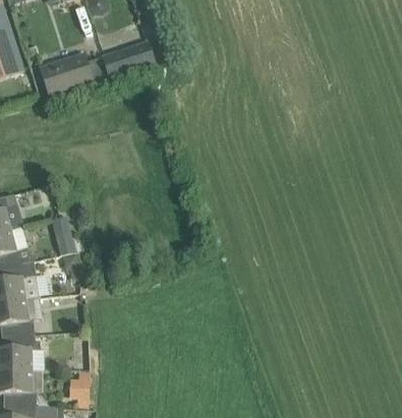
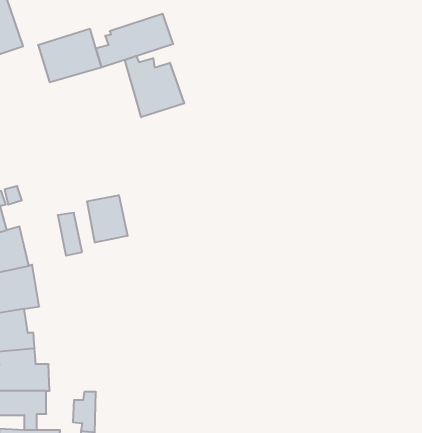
building: none -> [125,56,184,117]
building: none -> [87,195,128,243]

